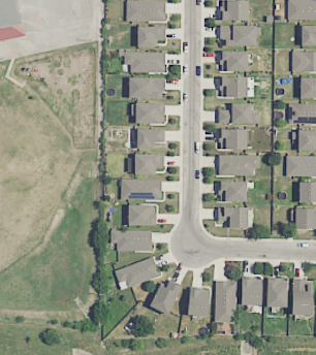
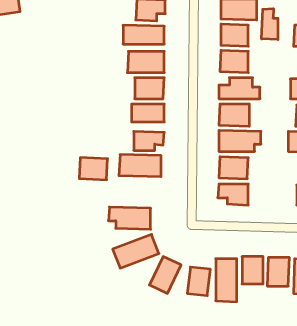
building: none -> [262,9,278,40]
building: [128,204,156,226] -> [79,158,108,180]

